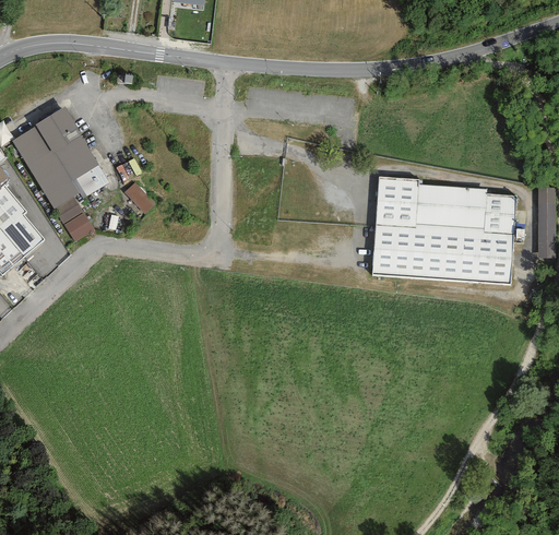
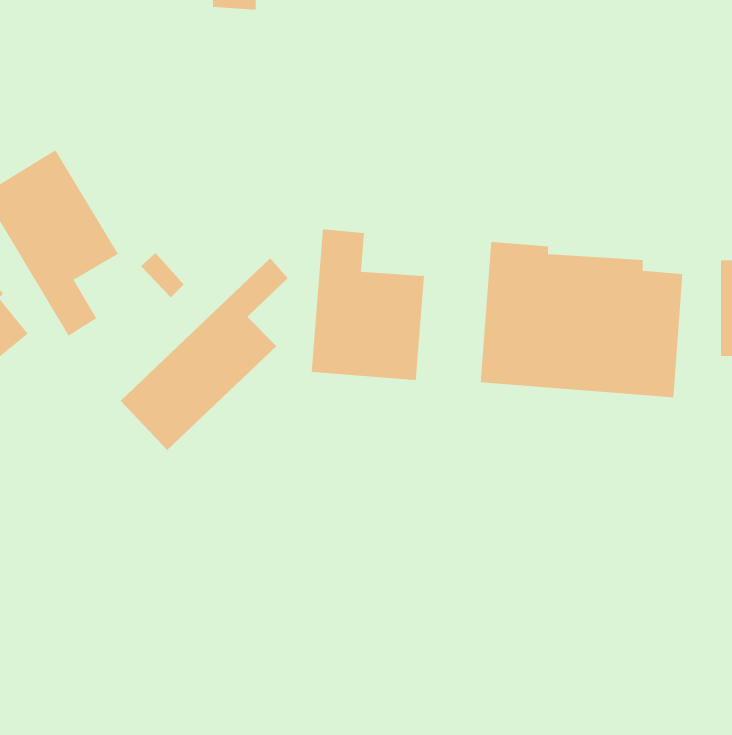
building: none -> [311,229,424,381]
building: none -> [120,258,289,451]

